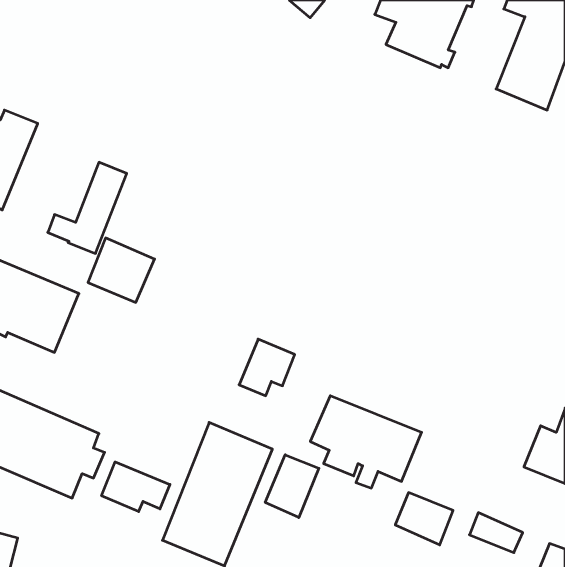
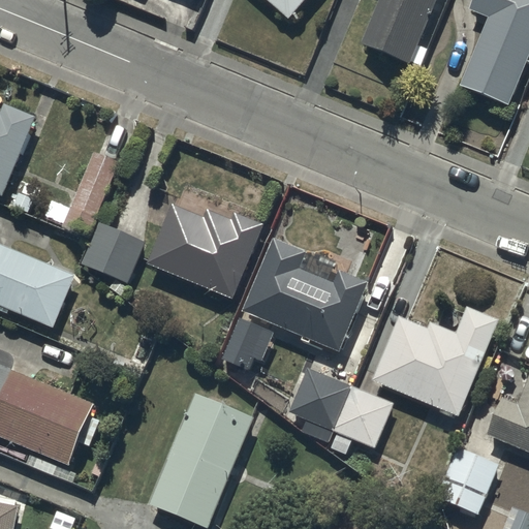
building: none -> [147,204,263,298]
building: none -> [241,237,367,351]
building: none -> [372,306,498,415]
building: [265,455,319,518] -> none
building: [102,462,170,512] -> none
building: [395,493,453,545] -> [444,447,498,496]

